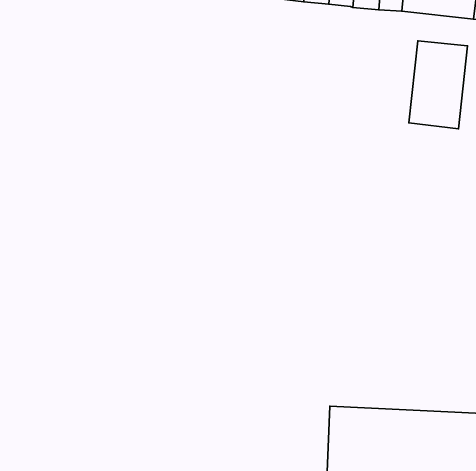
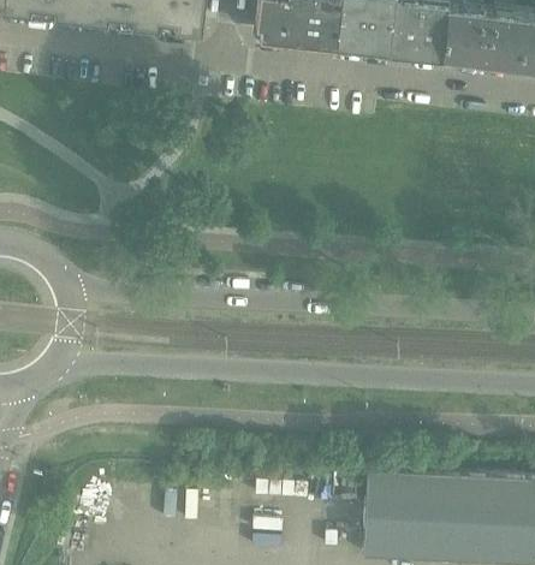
building: [409,41,467,129] -> none

